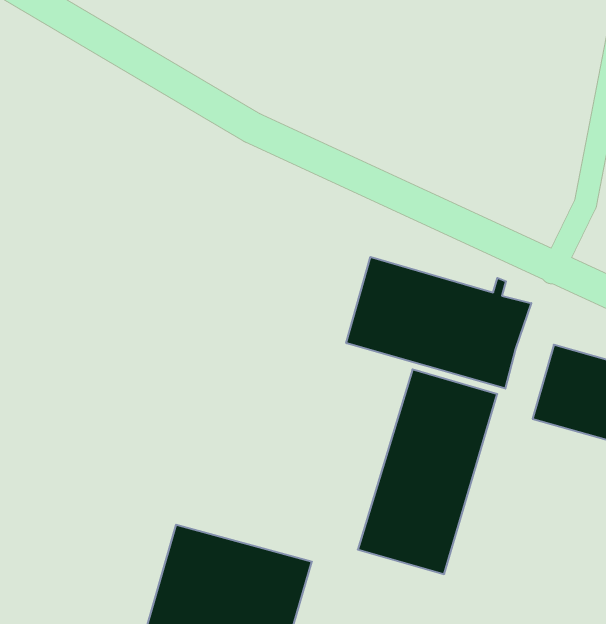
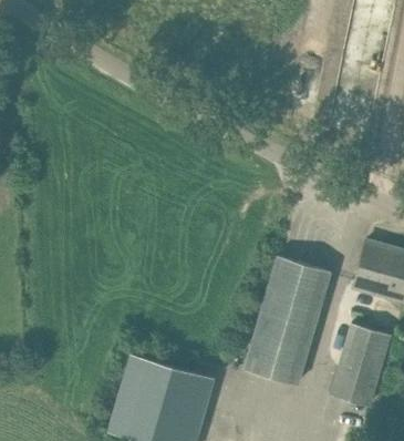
building: [346,257,531,389] -> none
building: none -> [330,324,392,404]

